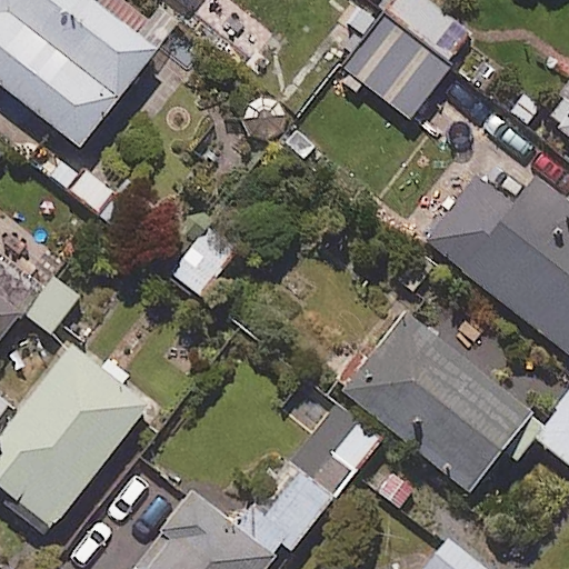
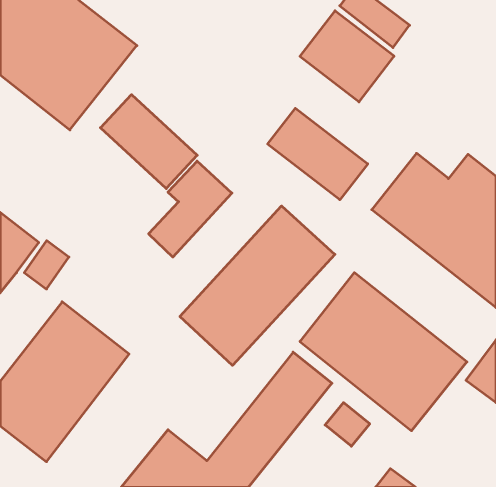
building: none -> [100,95,197,189]
building: none -> [268,108,368,200]
building: none -> [180,206,335,365]

